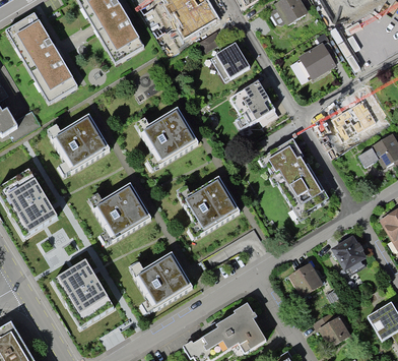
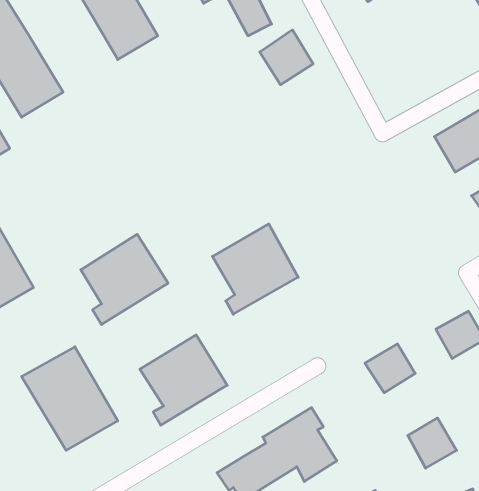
building: [300,33,340,78] -> none
building: [230,81,275,129] -> none
building: [139,108,198,170] -> none
building: [52,113,111,175] -> none
building: [262,139,326,216] -> none

